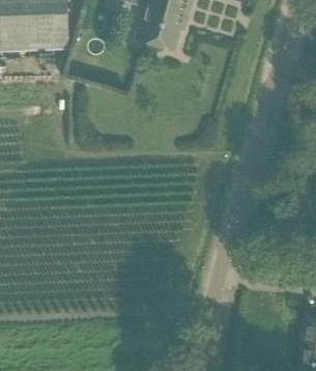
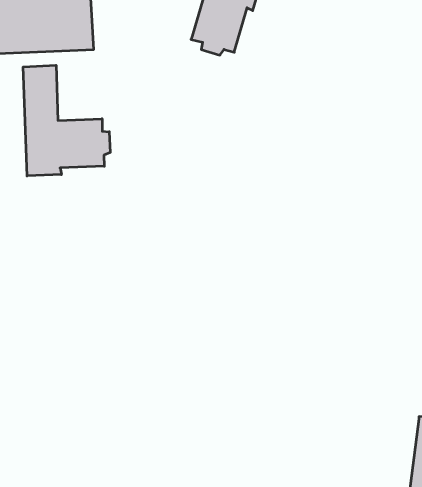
building: none -> [23,65,110,176]

